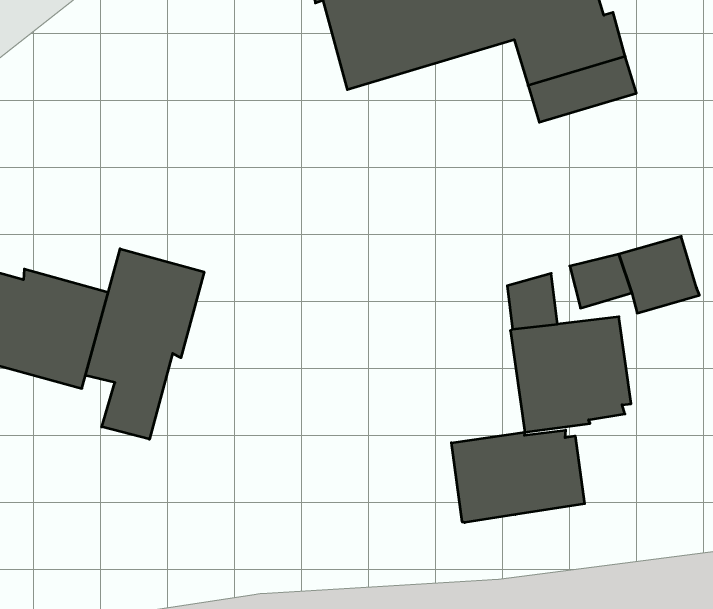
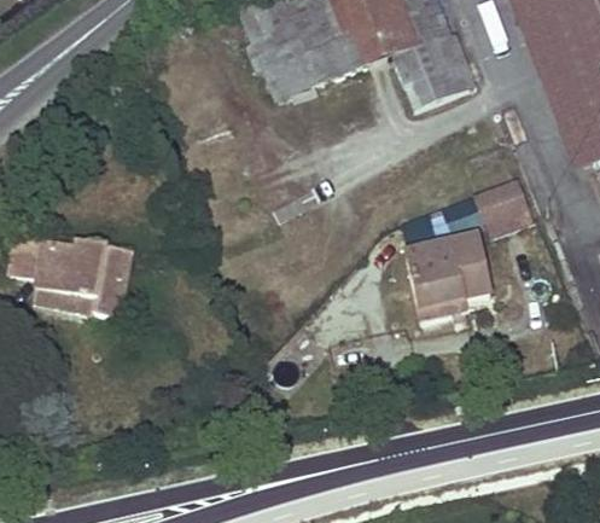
building: [85,249,204,439] -> none
building: [451,430,585,523] -> none

